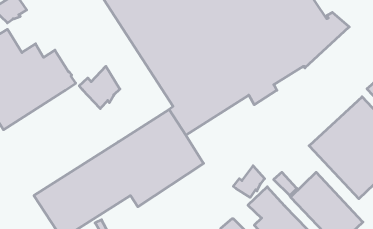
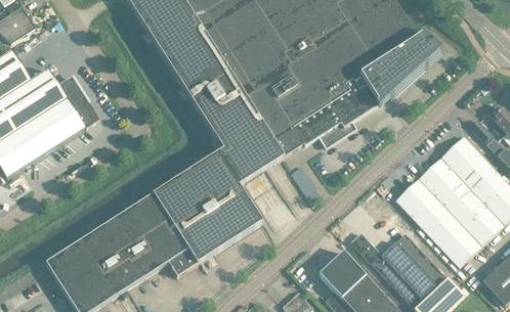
building: [79,66,120,109] -> none
building: [233,166,265,197] -> none

